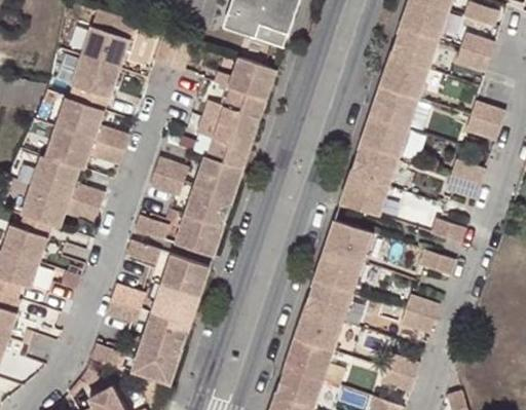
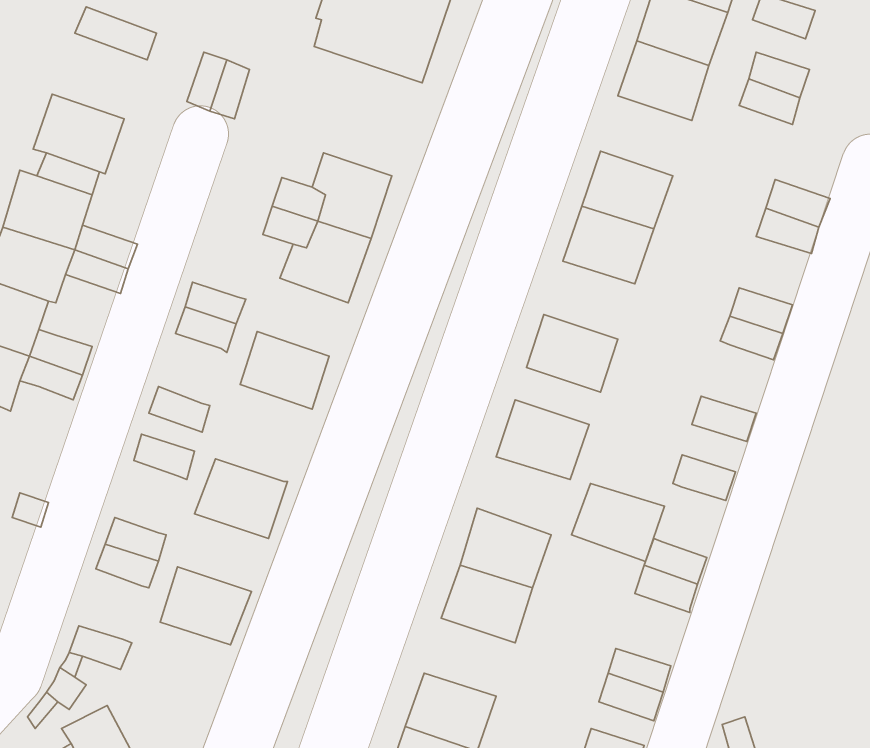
building: [82,26,130,68] -> none
building: [379,55,428,99] -> none
building: [215,58,275,99] -> none
building: [348,145,398,187] -> none
building: [193,153,242,196] -> none
building: [174,212,223,254] -> none
building: [312,251,363,293] -> [572,483,665,561]
building: [150,282,199,324] -> none
building: [284,338,333,380] -> none
building: [129,340,179,383] -> none

